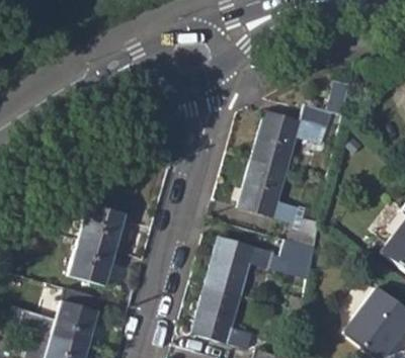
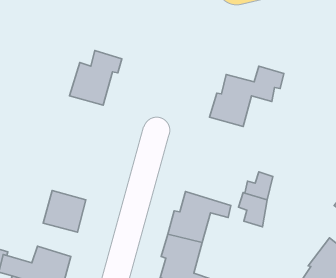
building: [241,158,296,219] -> none
building: [78,188,135,248] -> [70,50,122,105]

